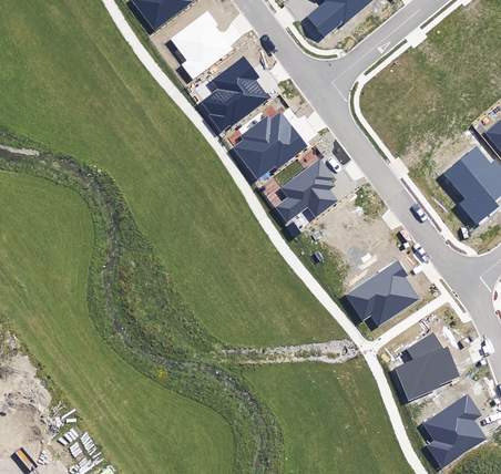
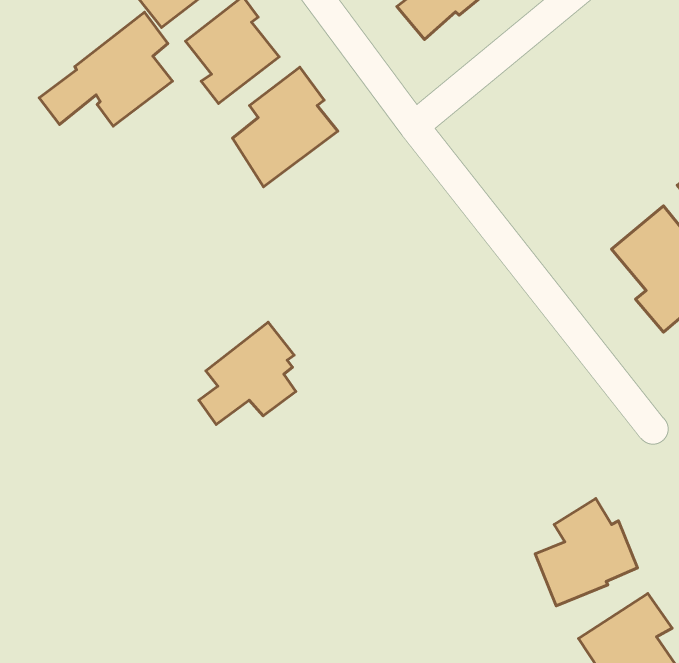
building: none -> [39,12,172,126]
building: [233,112,307,178] -> none
building: [275,155,337,220] -> [199,322,296,424]
building: [348,260,419,324] -> none

